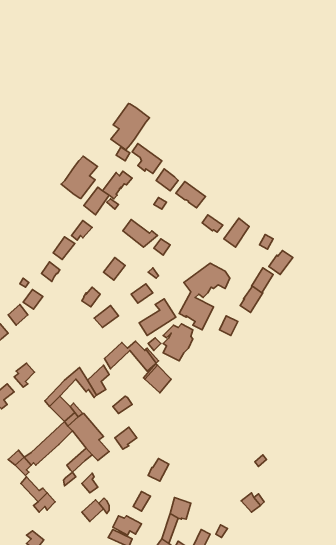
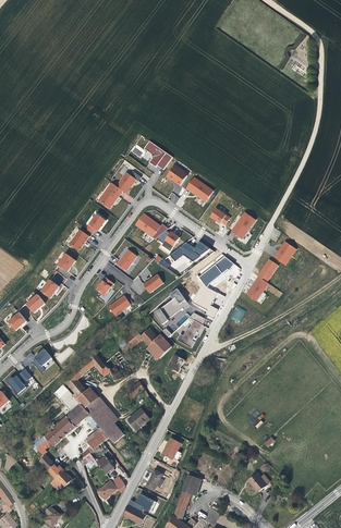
building: [111,104,150,150] -> none
building: [61,156,97,198] -> none
building: none -> [170,242,210,262]

